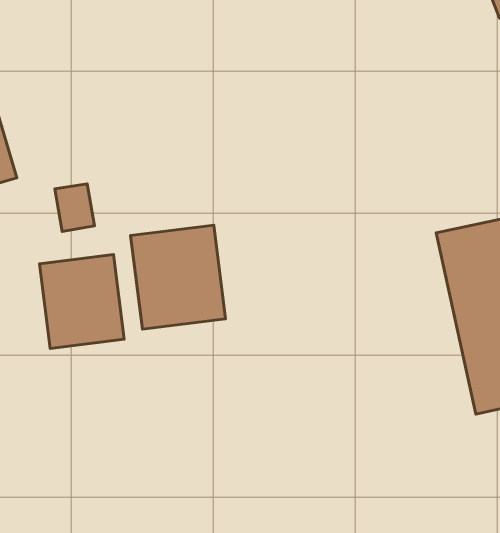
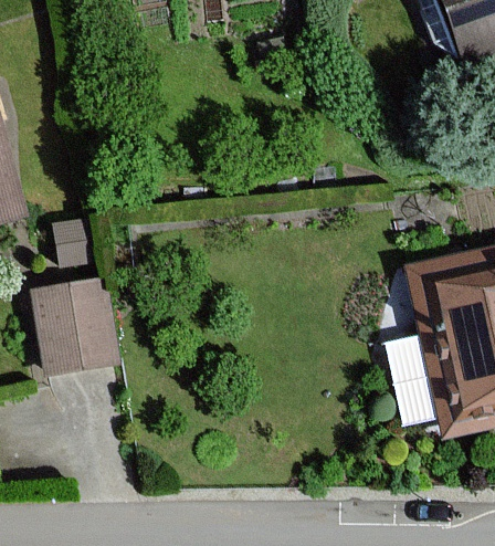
building: [131,225,226,329] -> none

